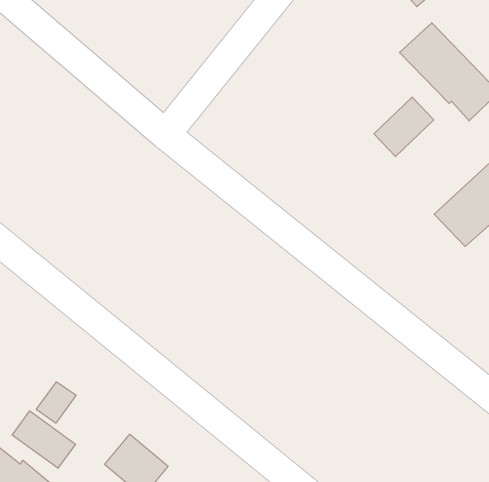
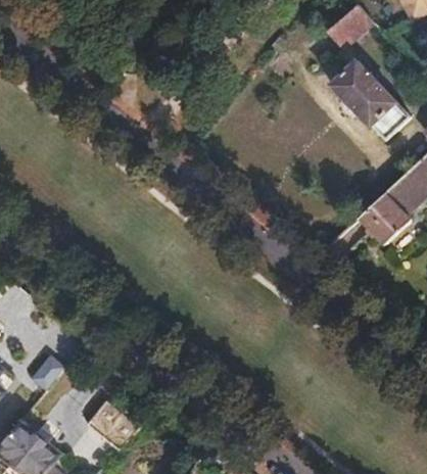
building: [374,97,434,157] -> none
building: [12,411,76,468] -> none

